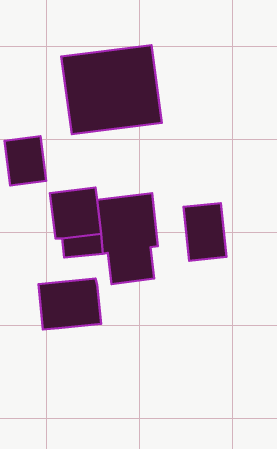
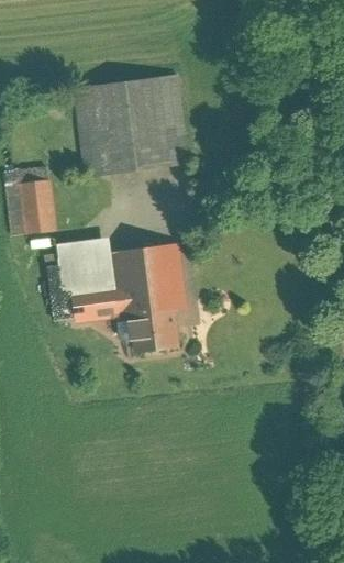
building: [184,203,227,261] -> none
building: [38,279,101,329] -> none

